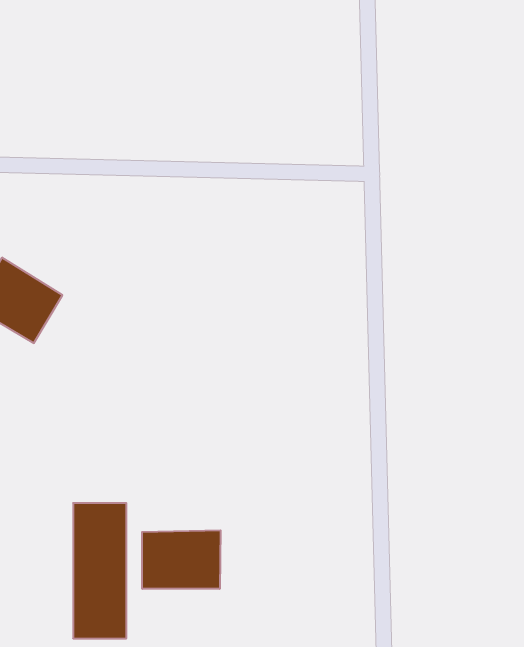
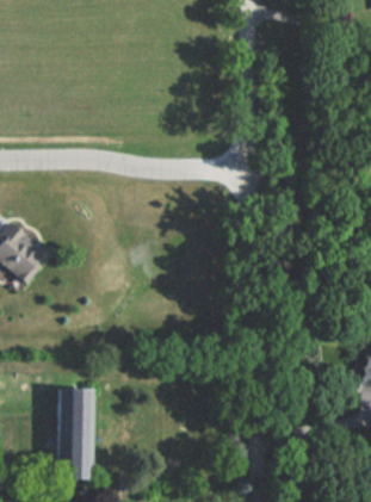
building: [142,530,221,589] -> none

